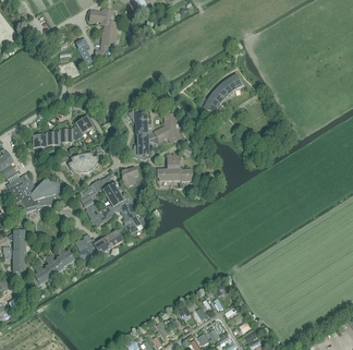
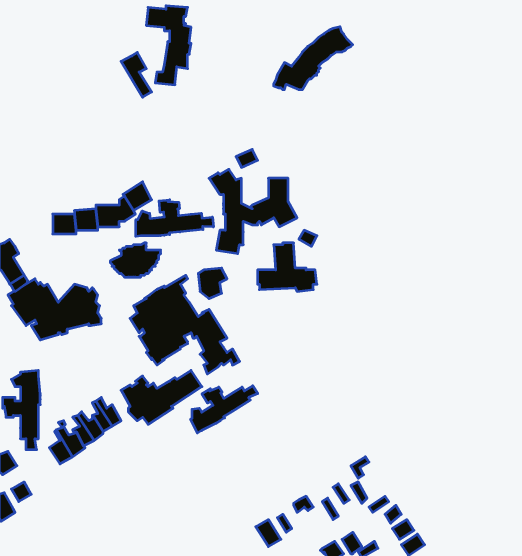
building: [197,73,245,111] -> [274,27,353,90]
building: none -> [136,200,213,236]
building: none -> [191,386,258,433]

